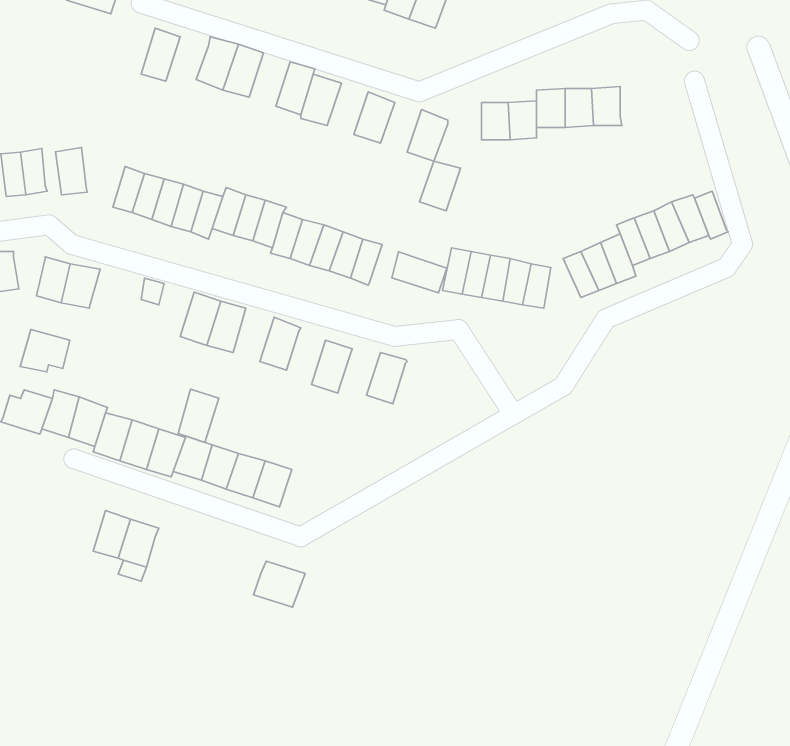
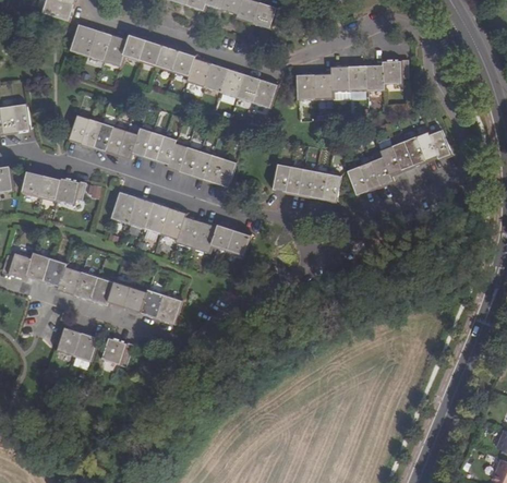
building: none -> [70,24,96,57]
building: none -> [102,34,129,67]
building: none -> [154,44,179,76]
building: none -> [382,61,406,83]
building: none -> [202,62,227,94]
building: [56,148,87,195] -> none
building: [420,161,460,211] -> [234,74,259,105]
building: [392,252,447,293] -> none
building: [20,329,70,372] -> [56,177,86,203]
building: none -> [176,215,201,247]
building: none -> [209,222,234,254]
building: [178,389,219,442] -> [144,201,169,233]
building: [254,561,305,607] -> [101,337,133,365]

